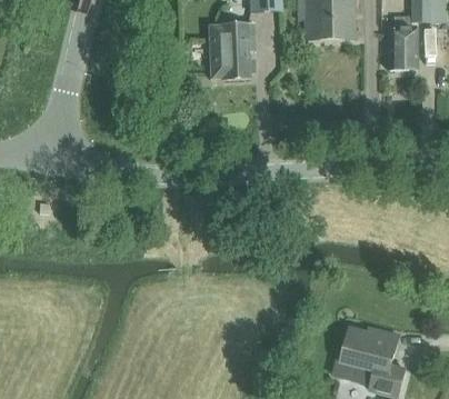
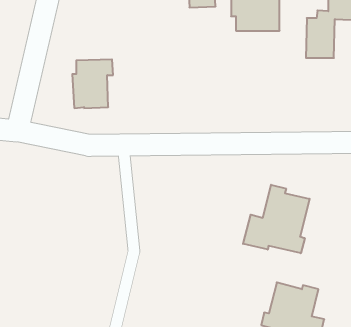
building: [208,23,255,79] -> [72,59,113,108]
building: none -> [243,185,310,253]

